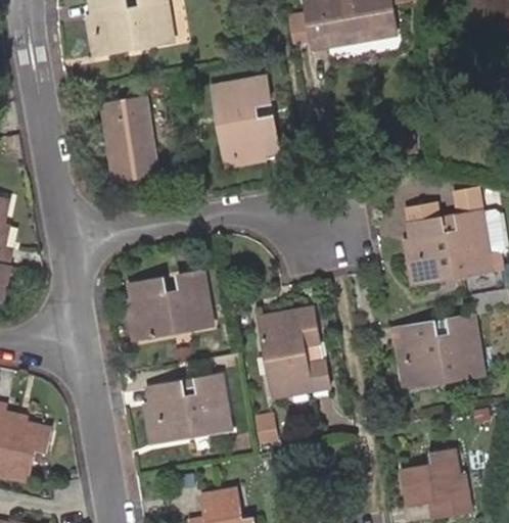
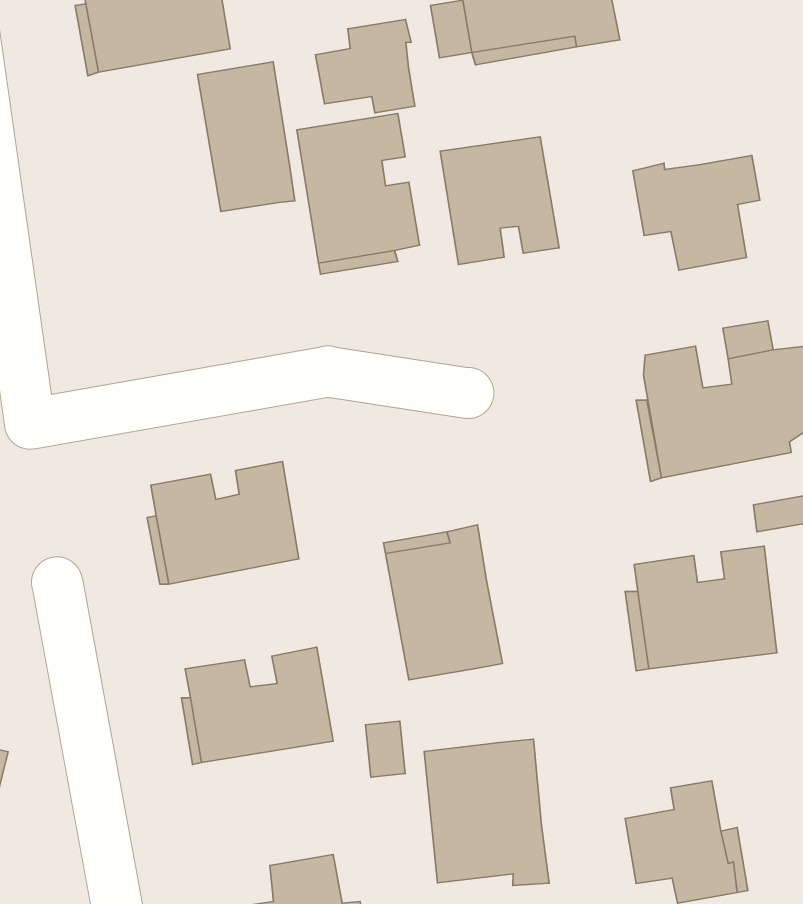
building: none -> [315,20,415,113]
building: none -> [440,137,559,265]
building: [101,92,156,177] -> [197,62,295,212]
building: none -> [633,155,760,270]
building: none -> [424,739,549,885]

